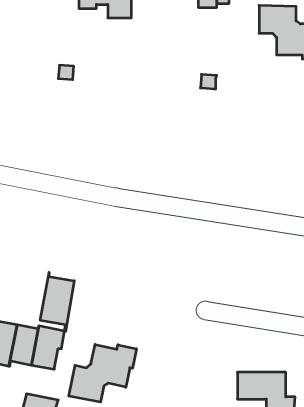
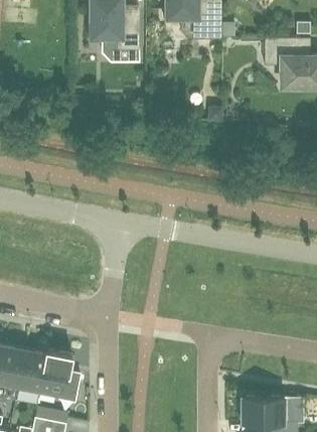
building: [40,272,74,331] -> none
building: [69,344,136,402] -> none

